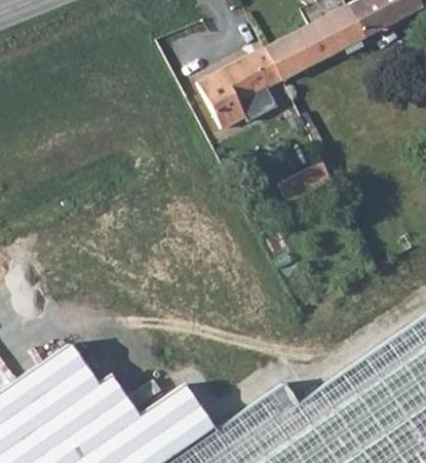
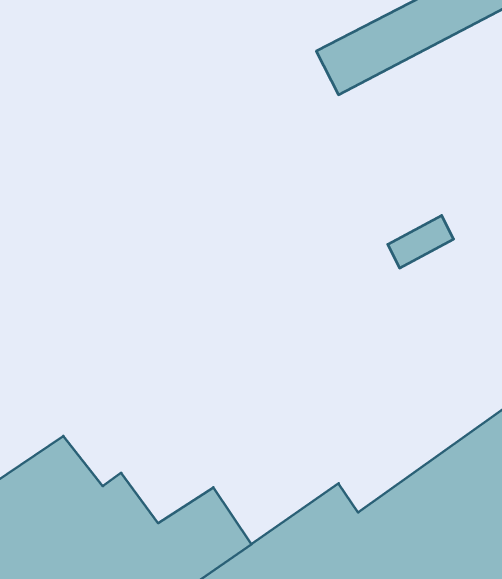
building: [197,47,282,131] -> none
building: [279,159,331,200] -> [388,215,454,268]

